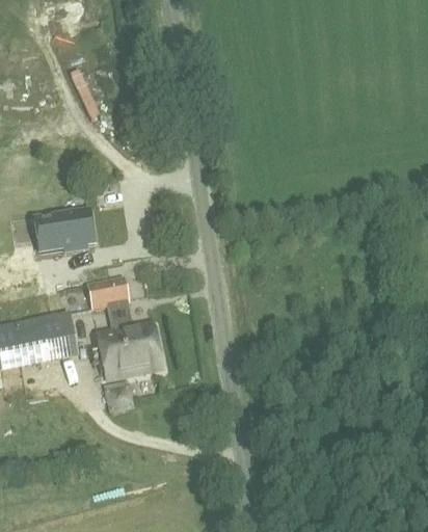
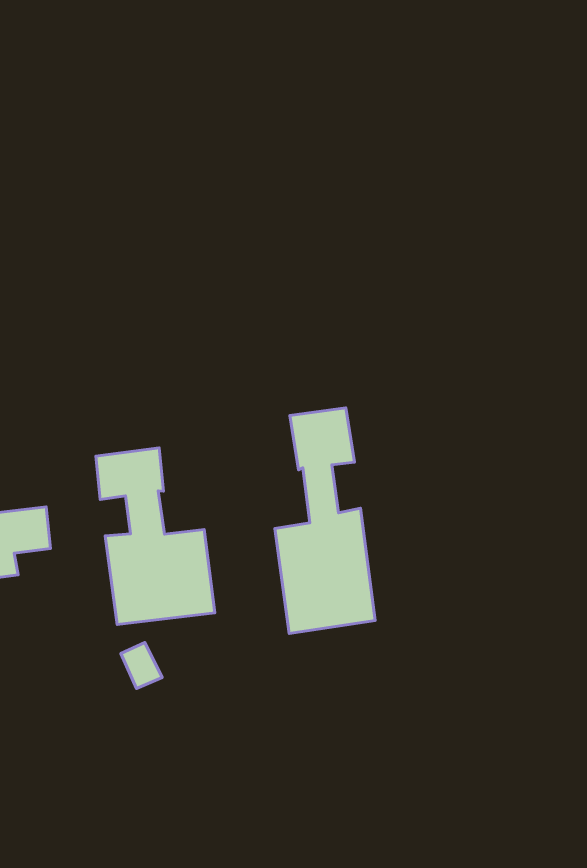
building: [34,210,95,251] -> none
building: none -> [275,408,375,634]

